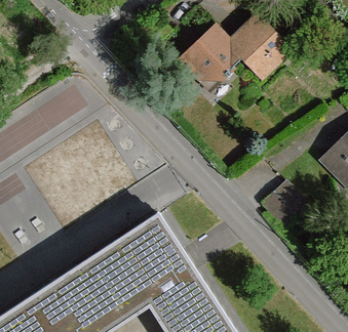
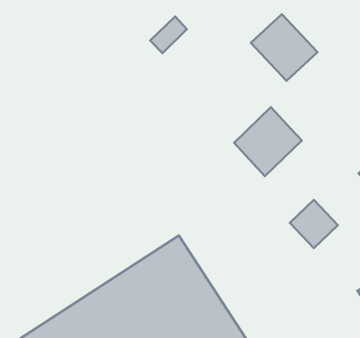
building: [178,26,238,87] -> [234,107,302,176]

